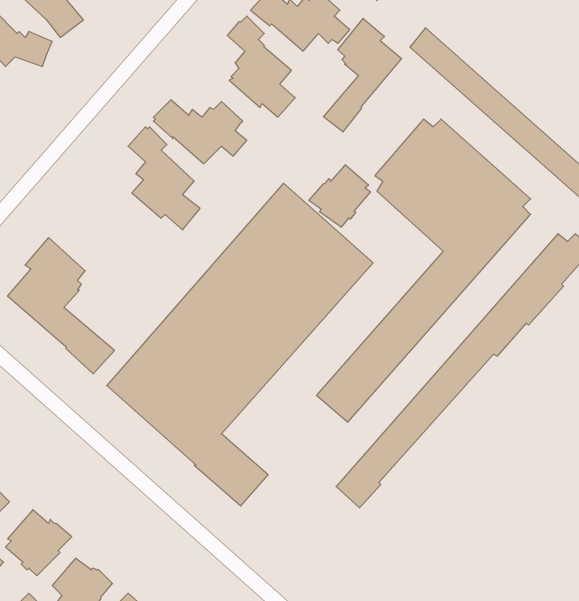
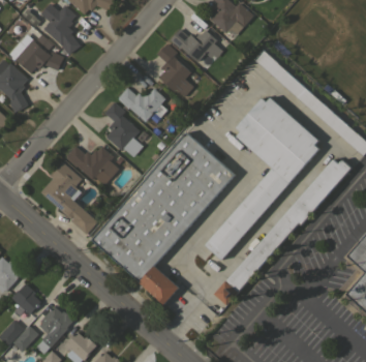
building: [323,18,402,132] -> none
building: [309,165,370,227] -> none
building: none -> [66,146,119,185]

